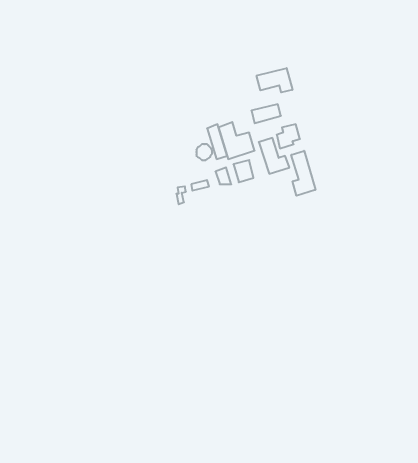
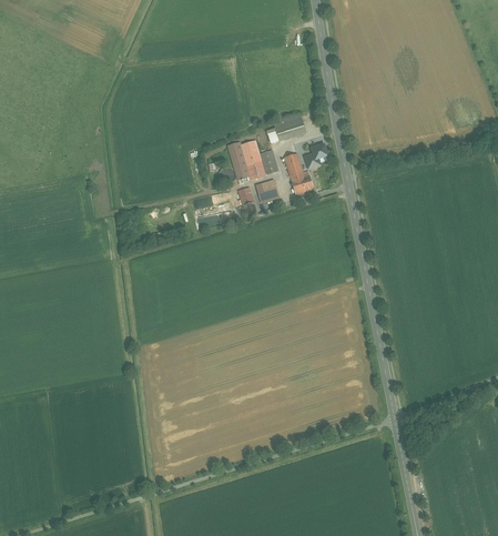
building: [257,68,292,92] -> none
building: [291,151,315,196] -> none

